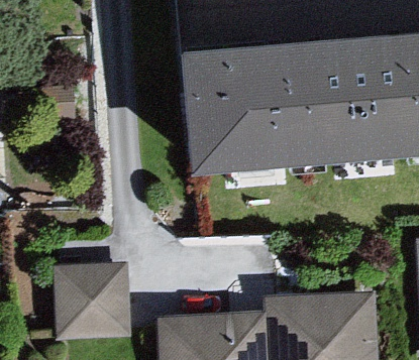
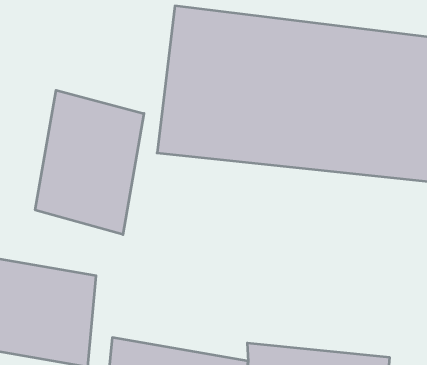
building: none -> [35,90,144,235]

